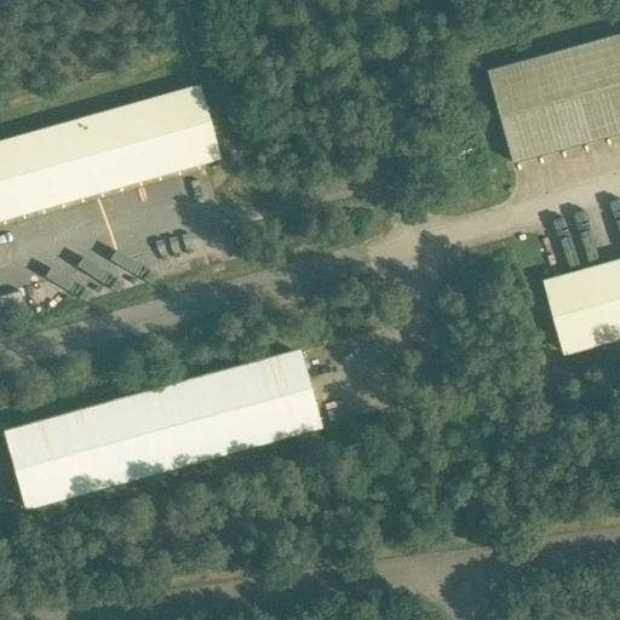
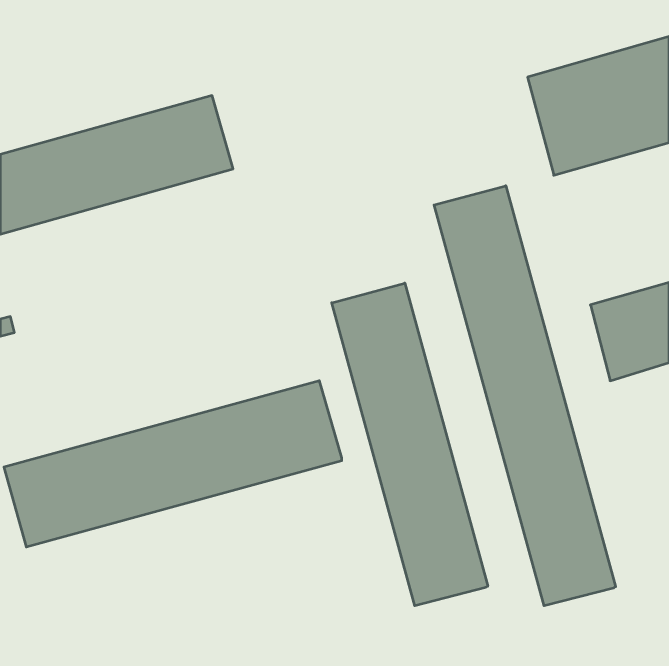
building: none -> [434,186,616,606]
building: none -> [332,283,488,606]

